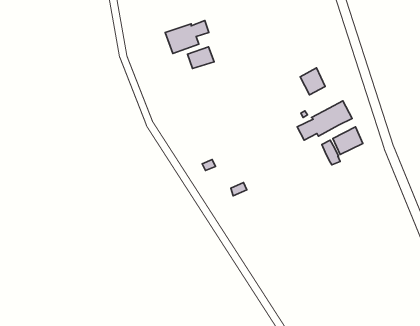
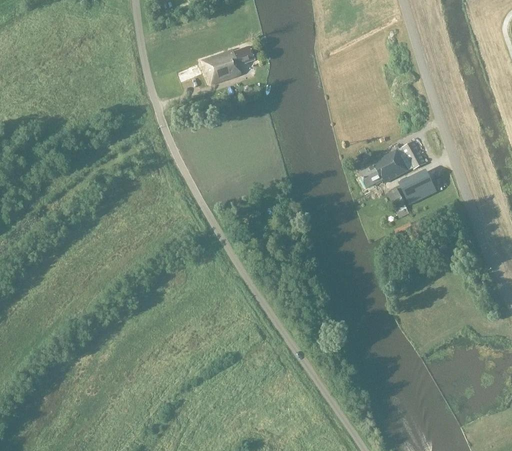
building: [187,47,214,69] -> none
building: [300,68,325,95] -> none

